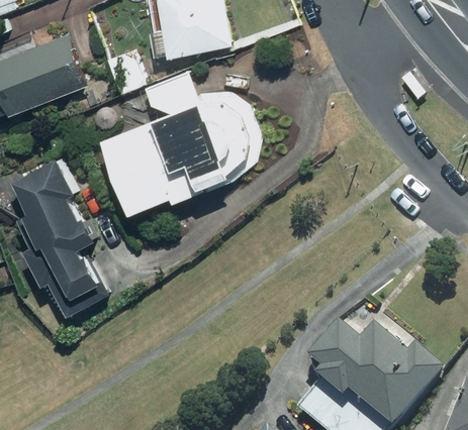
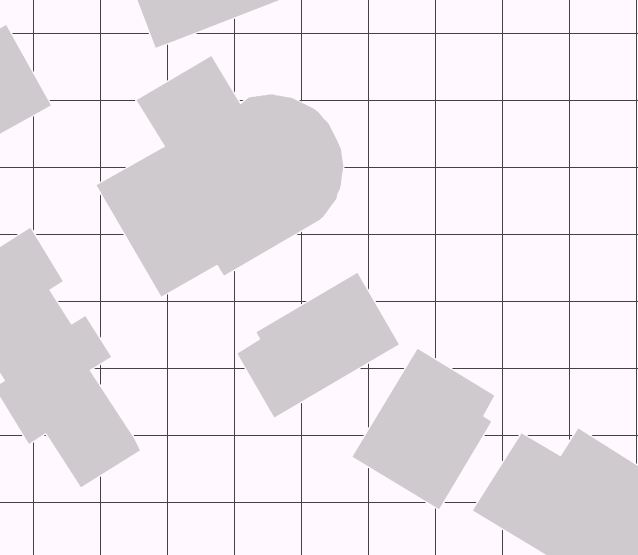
building: none -> [237,272,400,418]
building: none -> [351,348,495,510]

